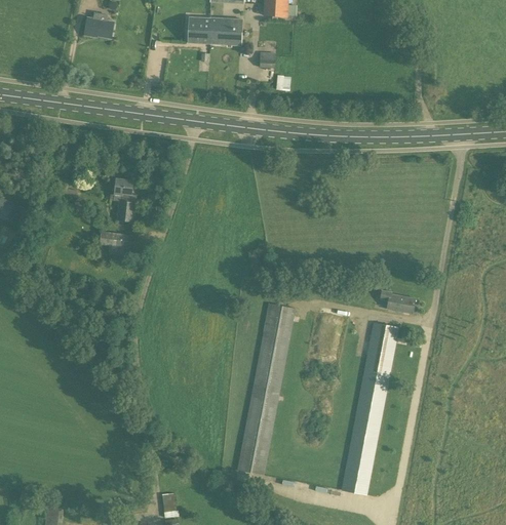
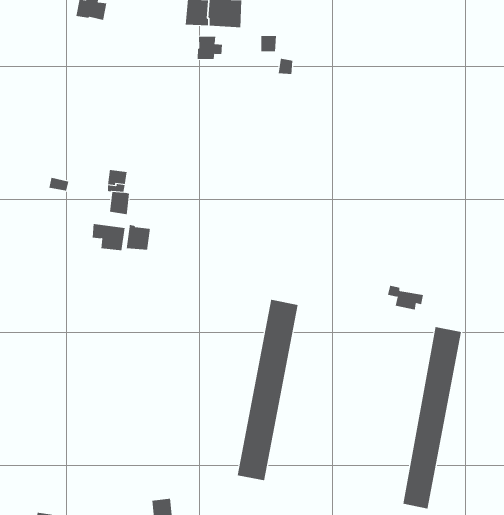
building: none -> [197,36,222,60]
building: none -> [126,224,150,251]
building: [341,322,397,495] -> [402,327,462,509]

